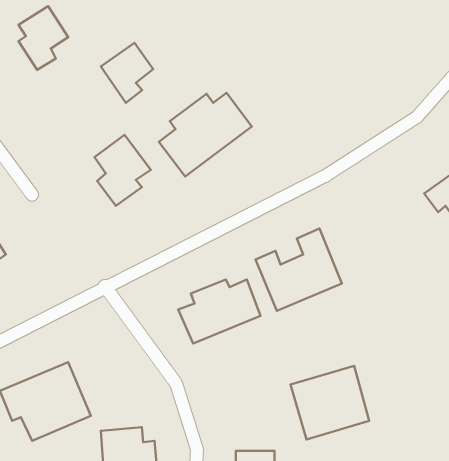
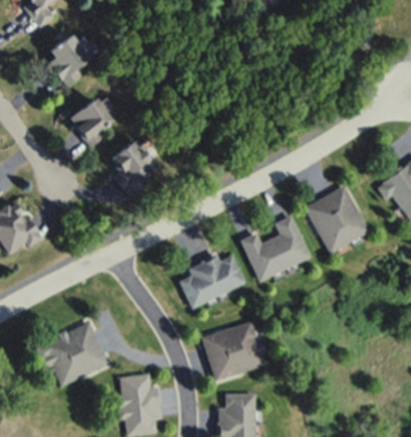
building: [101,43,153,103] -> [69,99,112,147]
building: [159,93,252,177] -> none
building: none -> [304,185,369,253]
building: [290,366,369,439] -> [201,321,264,381]

